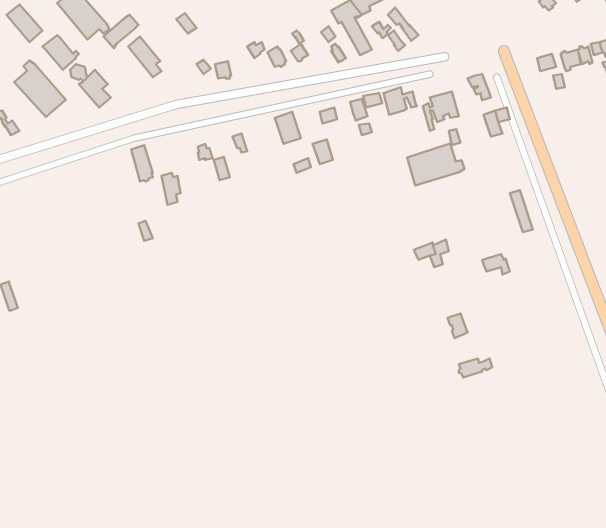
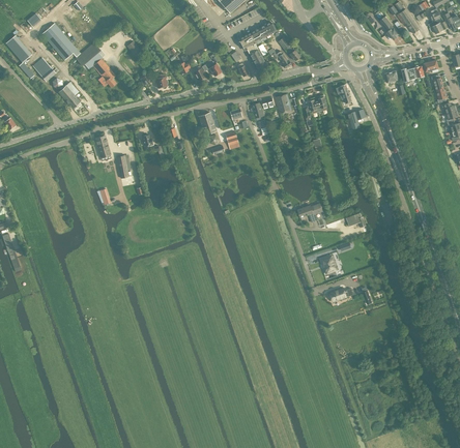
building: [14,60,66,117] -> none
building: [407,143,464,185] -> none

